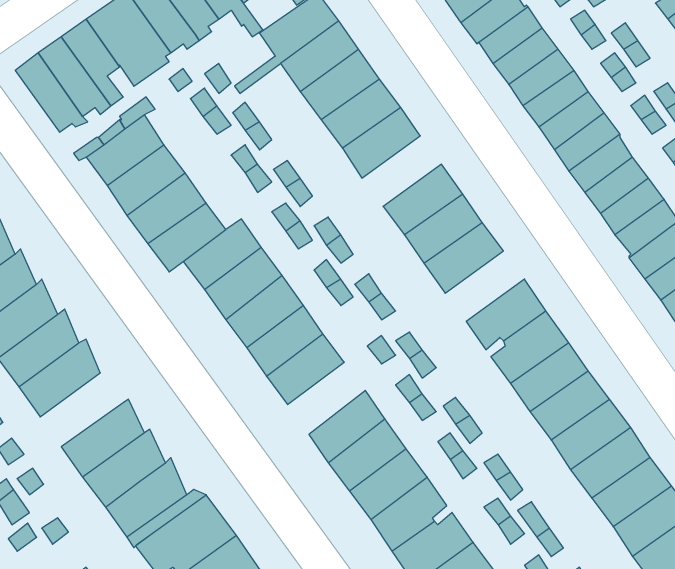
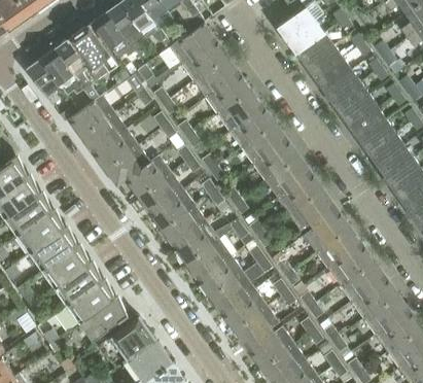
building: none -> [228,106,275,147]
building: none -> [277,173,323,214]
building: none -> [185,238,231,280]
building: none -> [41,242,90,287]

